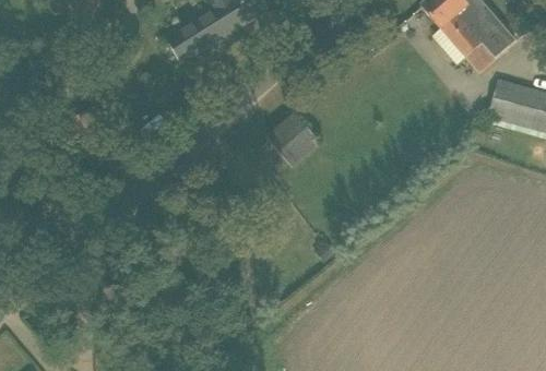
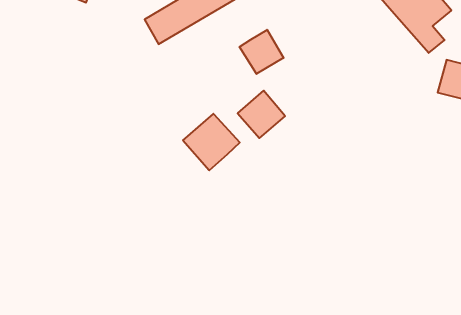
building: none -> [240,30,284,74]
building: none -> [183,114,240,170]

